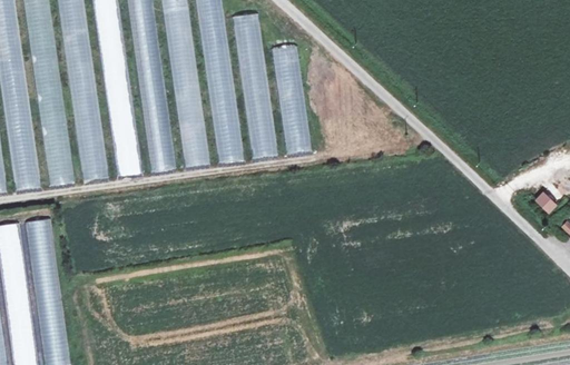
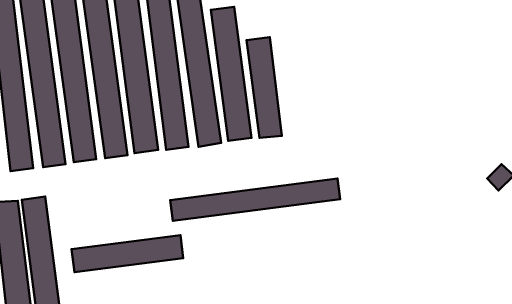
building: none -> [170,178,340,221]
building: none -> [71,235,183,272]

